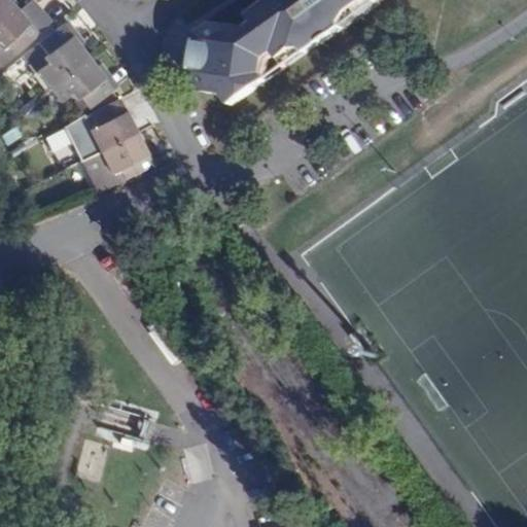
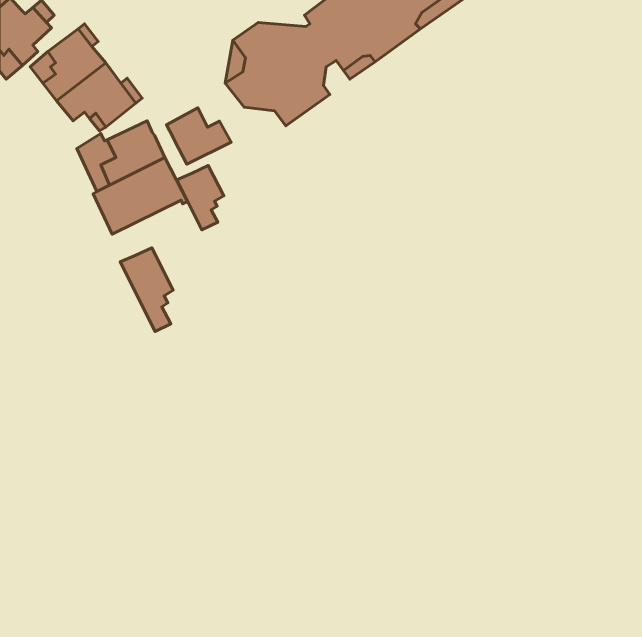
building: none -> [167,108,231,164]
building: none -> [177,165,224,230]
building: none -> [120,248,173,331]

